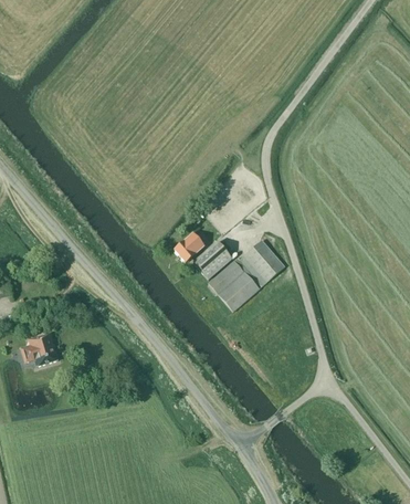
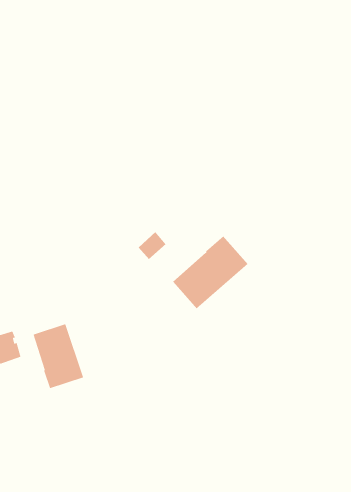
building: [192,240,231,279] -> none
building: none -> [32,323,84,389]

